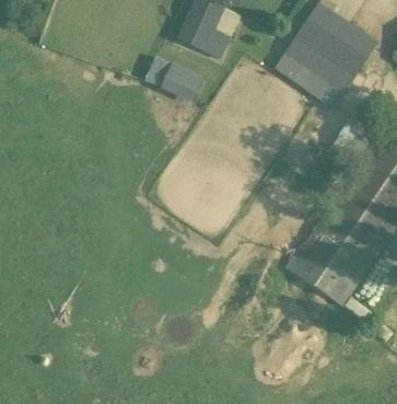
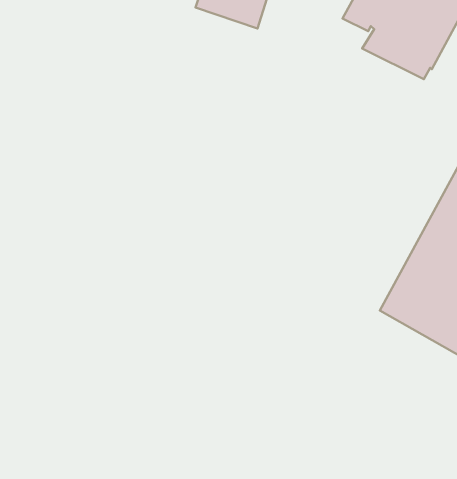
building: [147,54,209,102] -> none

